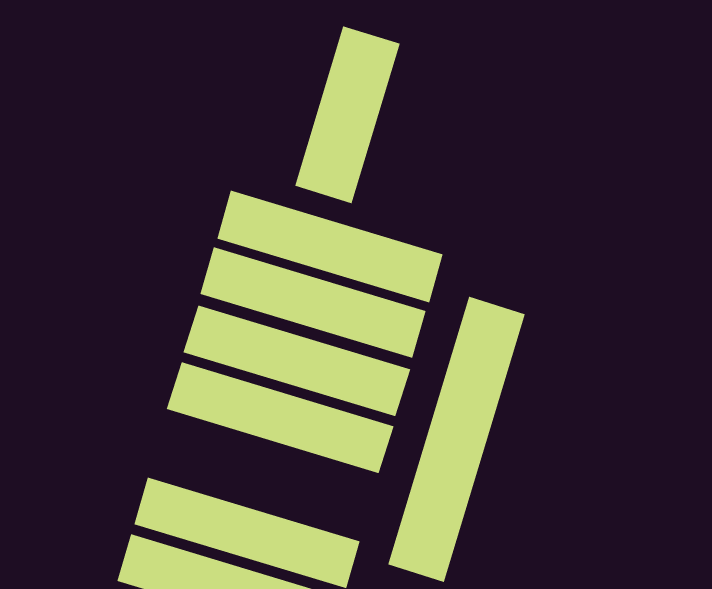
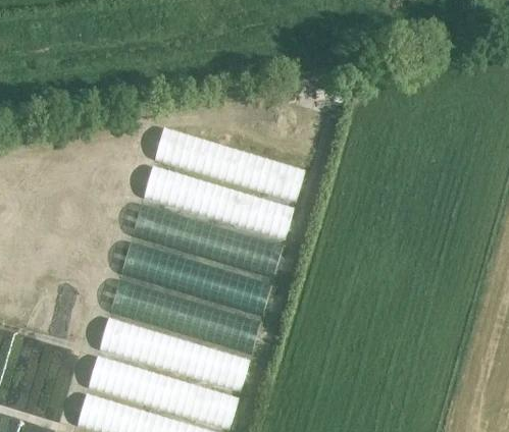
building: [294,25,400,204] -> none
building: [388,296,525,583] -> none
building: none -> [110,279,261,354]

